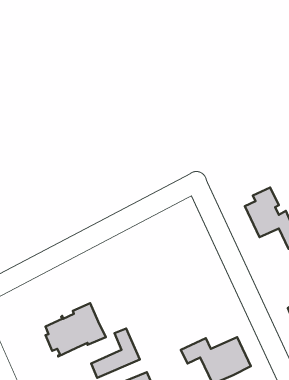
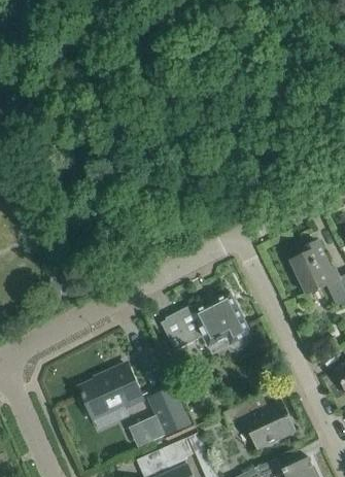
building: none -> [161,292,251,352]

